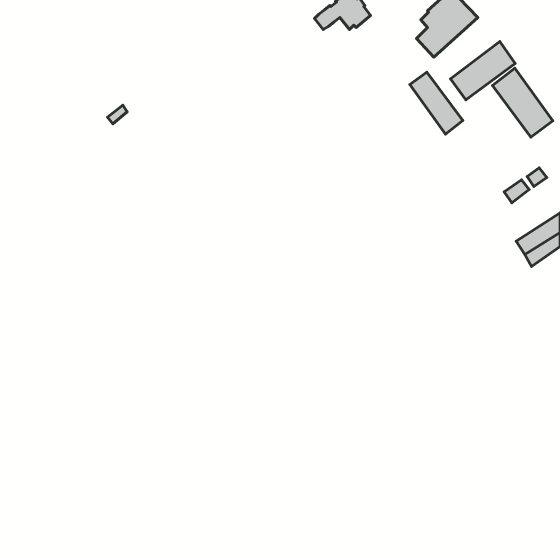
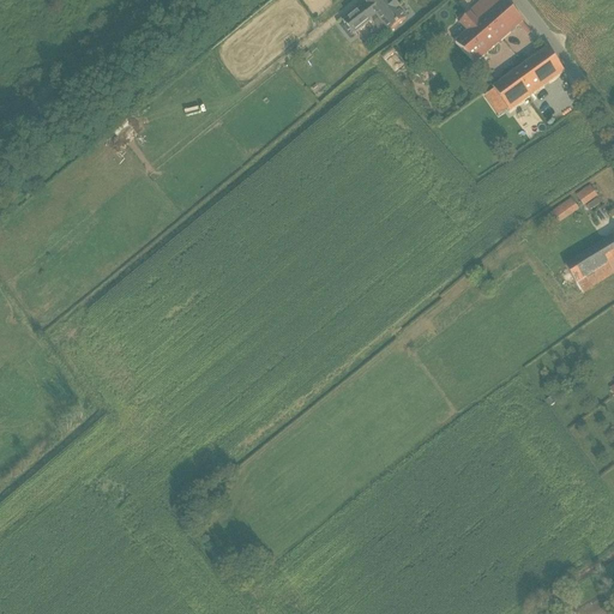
building: [493,68,553,137] -> none
building: [410,72,463,134] -> none

